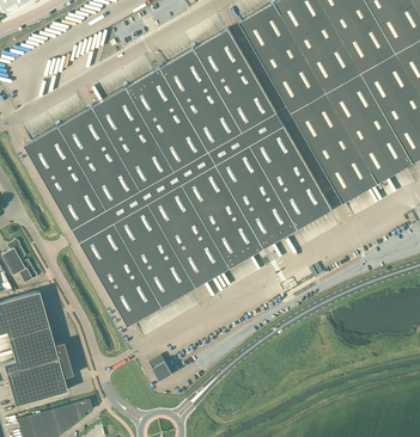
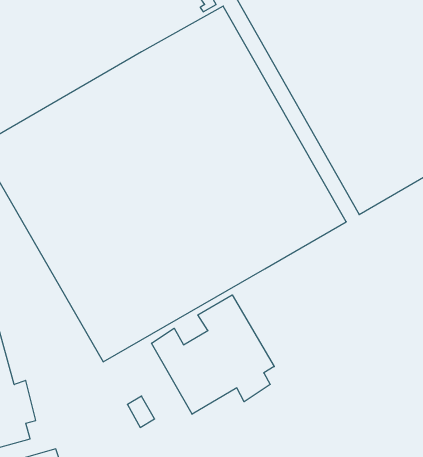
building: none -> [152,295,274,414]

